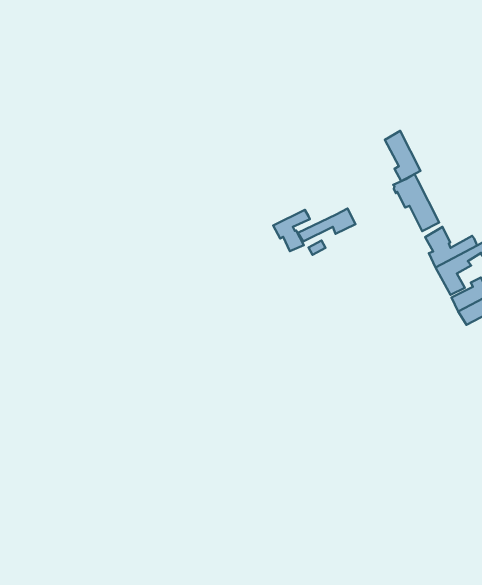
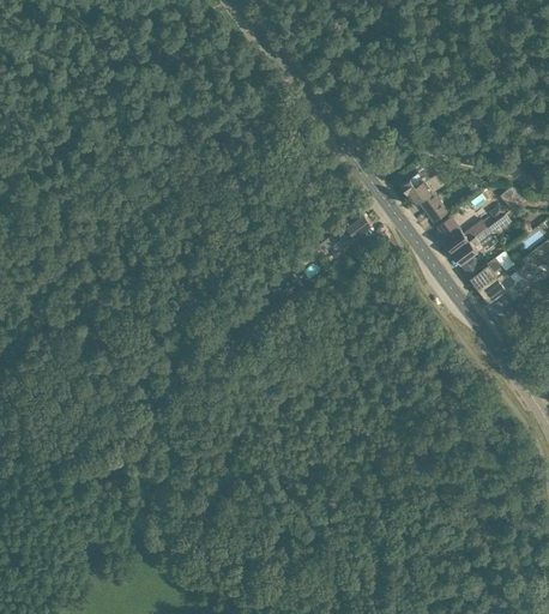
building: [385,131,420,181] -> none
building: [273,210,310,251] -> none

